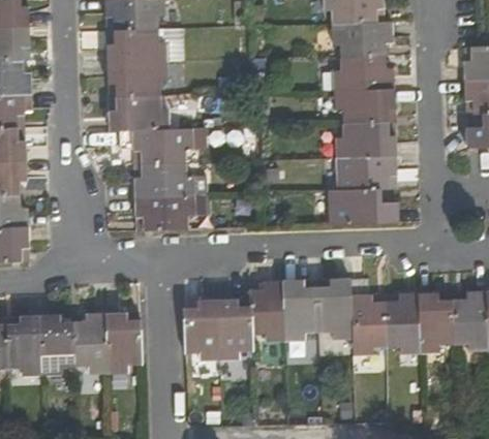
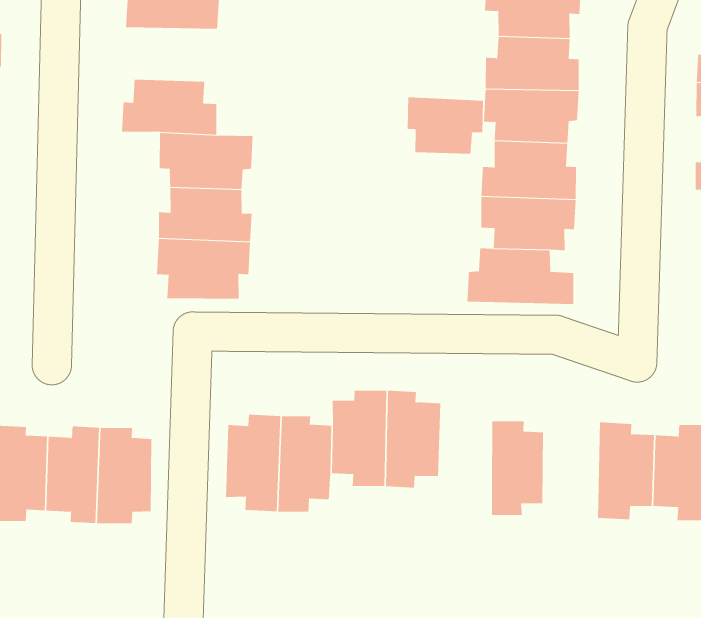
building: [108,62,166,96] -> none
building: none -> [407,97,483,155]
building: [317,279,352,340] -> none
building: [383,293,419,353] -> none

